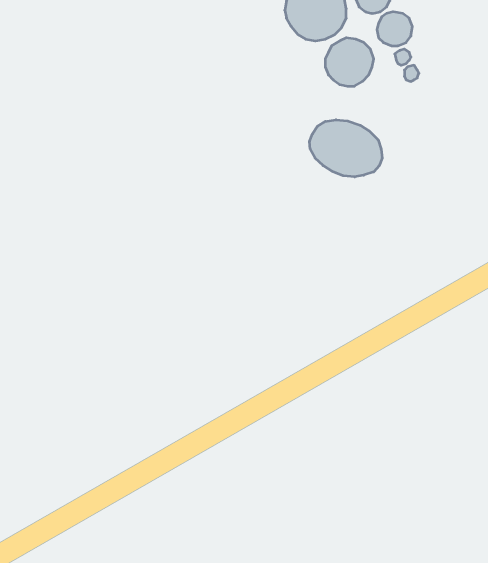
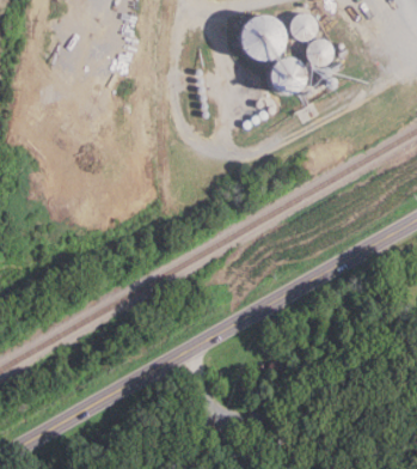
building: [310,120,382,177] -> none

